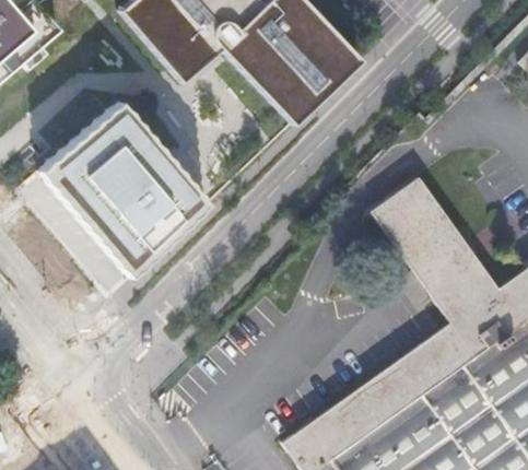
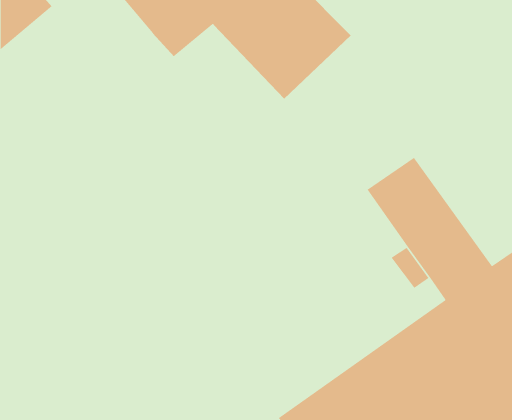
building: [36,97,204,273] -> none

